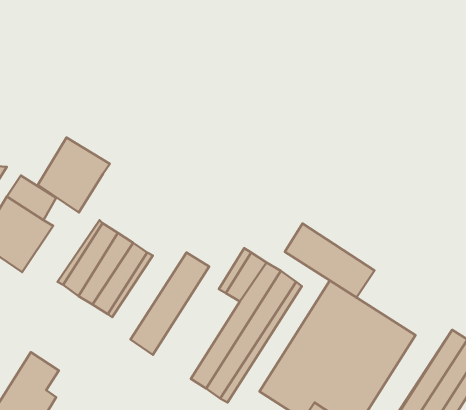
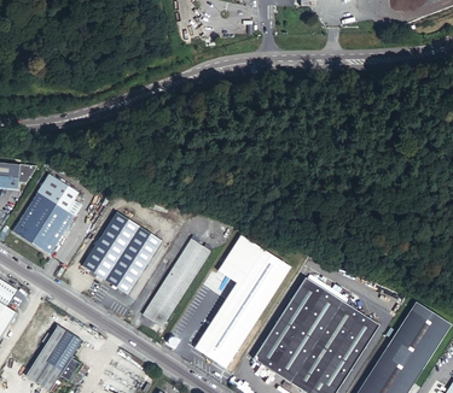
building: [38,137,110,213] -> none
building: [285,223,375,298] -> none

